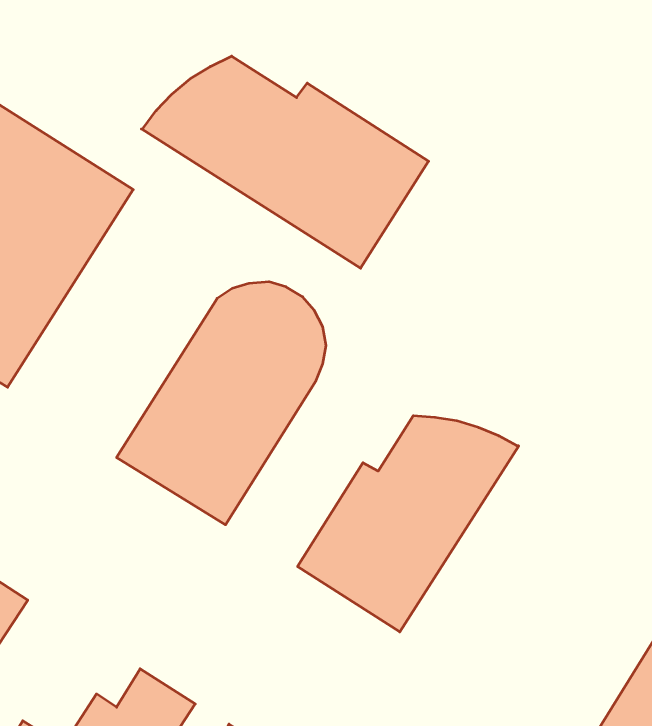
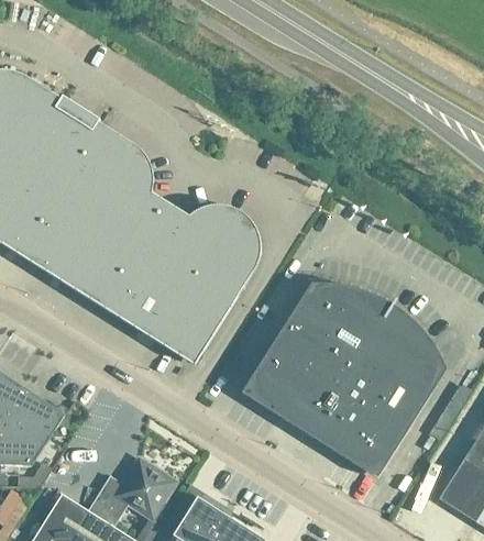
building: [141,56,429,268] -> none
building: none -> [52,144,189,320]
building: none -> [309,312,434,477]

